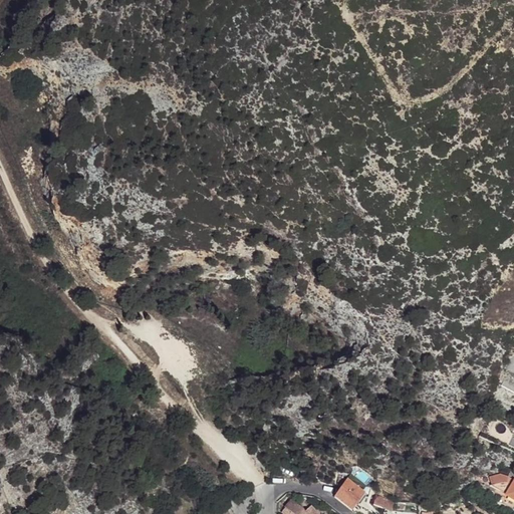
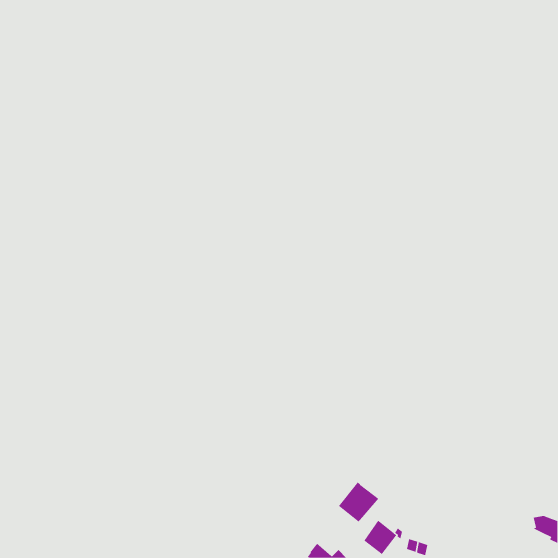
building: none -> [338,482,379,522]

